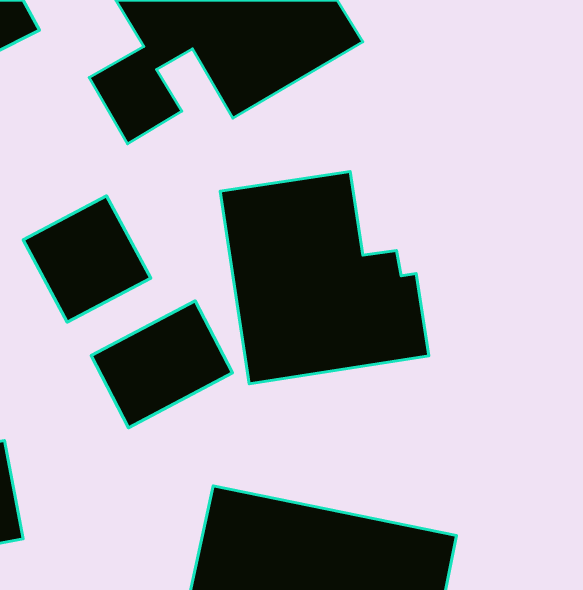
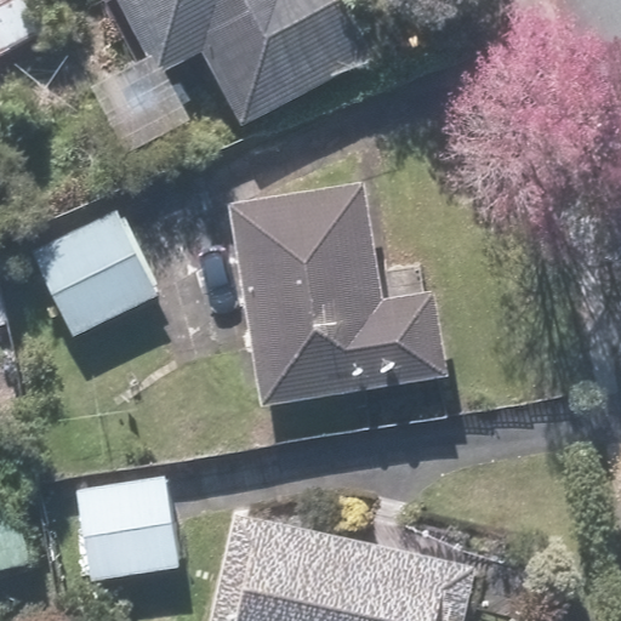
building: [91,301,233,428] -> none
building: none -> [68,468,180,586]

